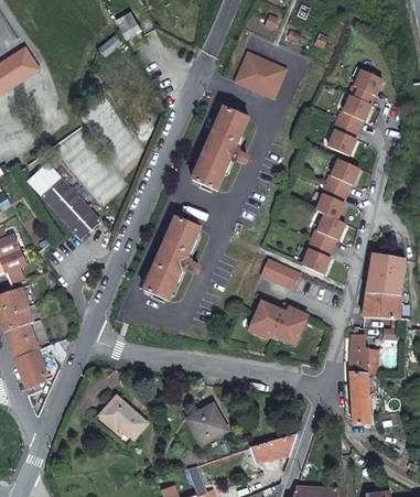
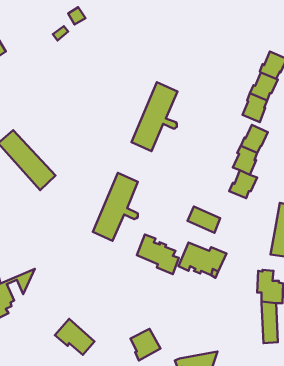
building: [234,53,286,99] -> none
building: [302,239,332,274] -> none
building: none -> [137,235,179,274]

